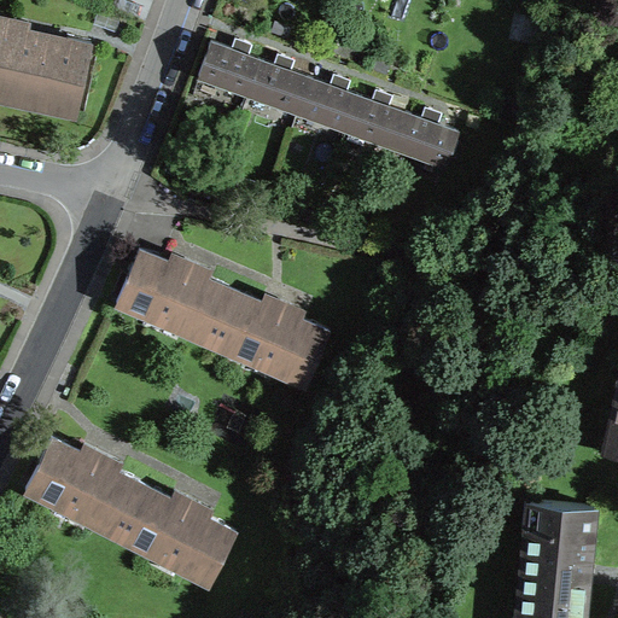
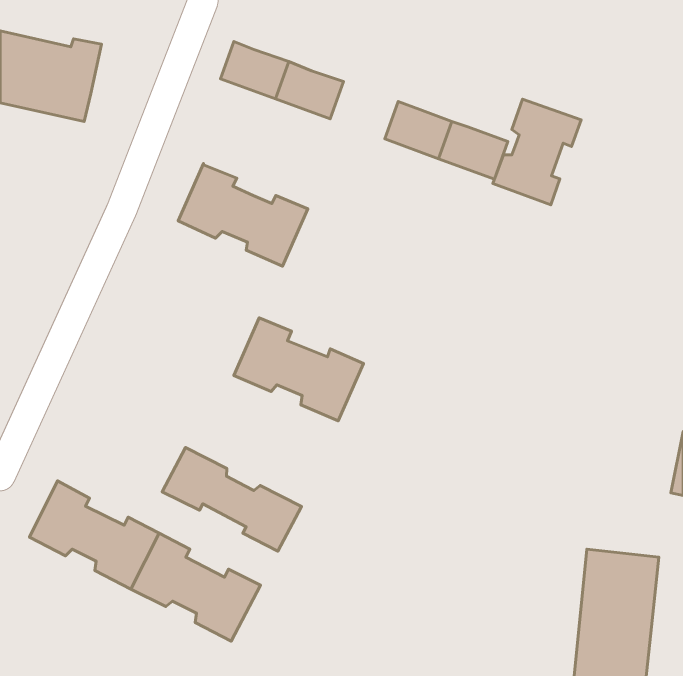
building: [298,80,360,132] -> none
building: none -> [493,99,581,205]
building: [117,252,234,345] -> [178,163,308,266]
building: none -> [162,447,301,551]

